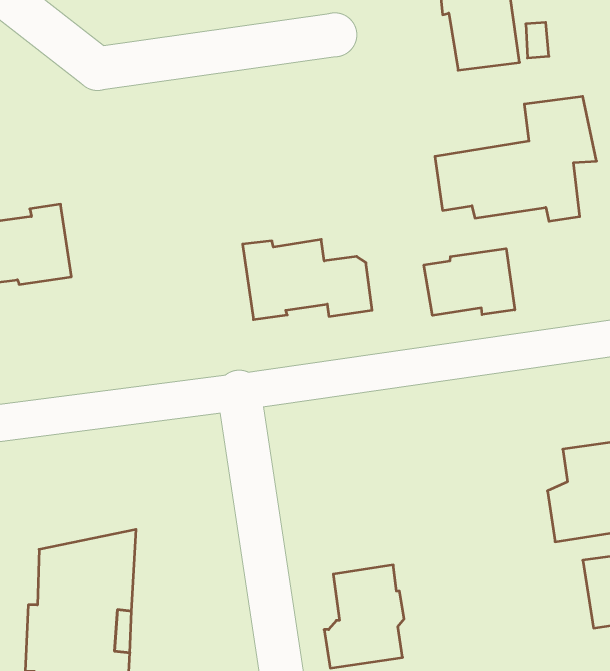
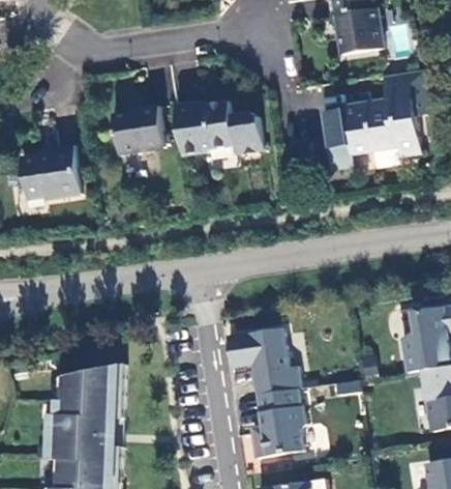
building: none -> [114,107,164,153]
building: [243,239,372,320] -> [174,102,261,155]
building: [424,249,515,315] -> none
building: none -> [226,327,300,394]

